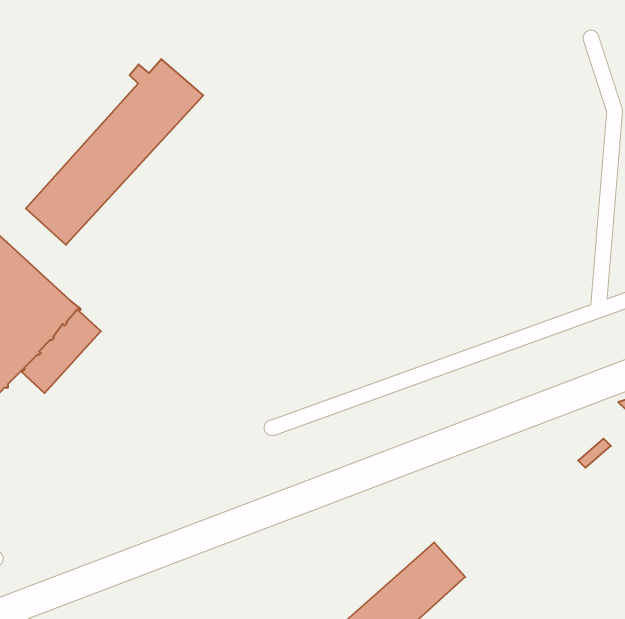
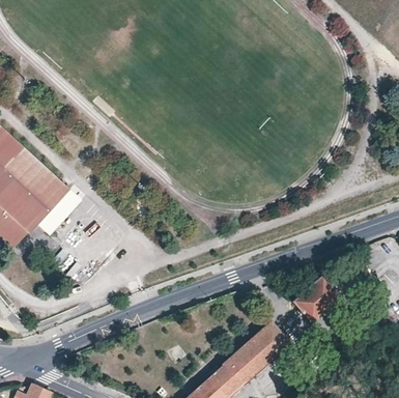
building: [26,59,203,245] -> none
building: none -> [294,277,340,322]

